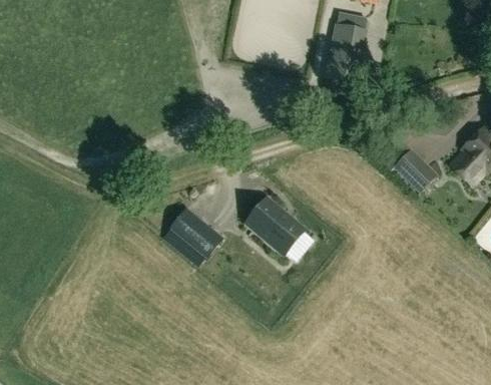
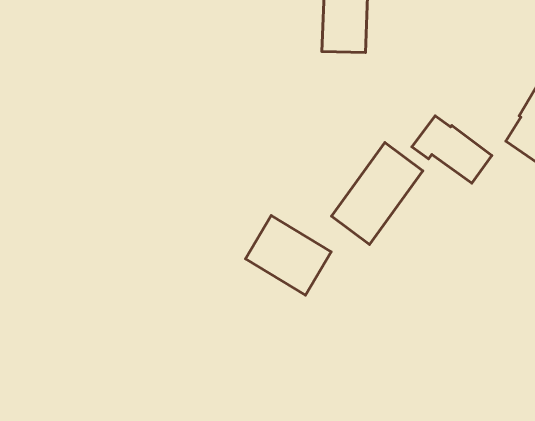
building: none -> [332,143,423,245]
building: [168,208,222,259] -> none

